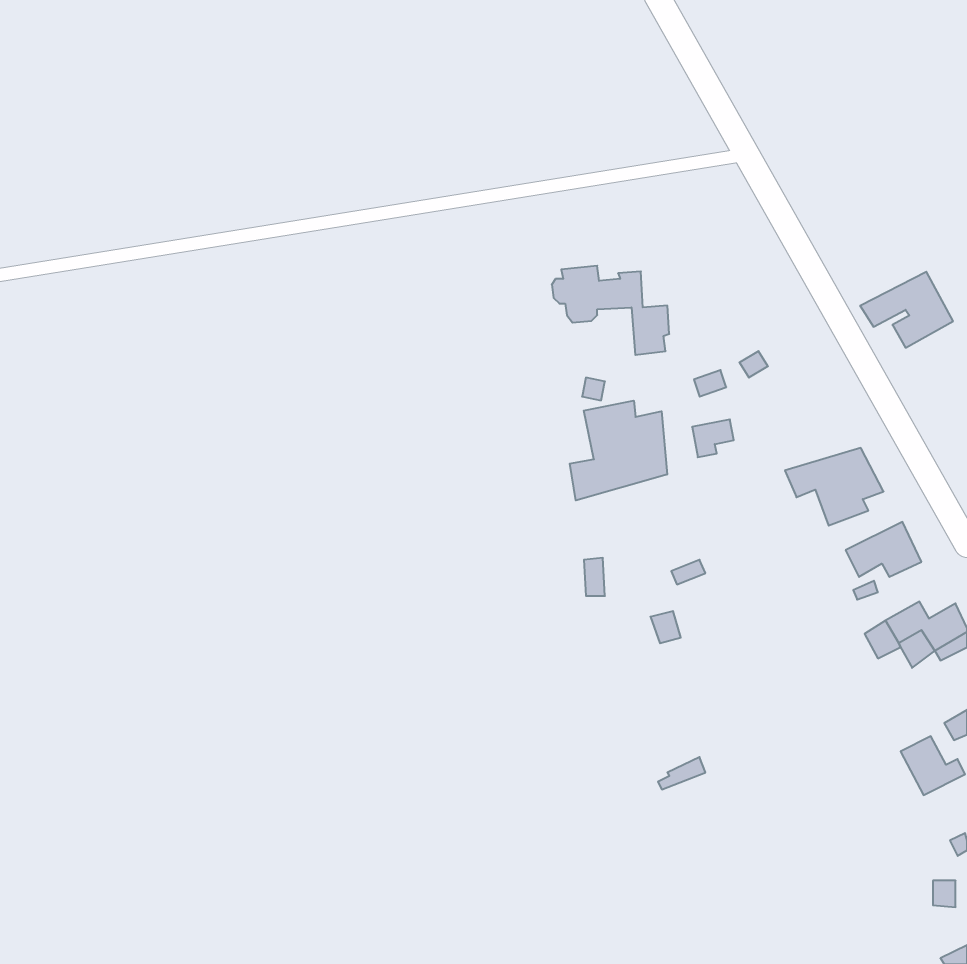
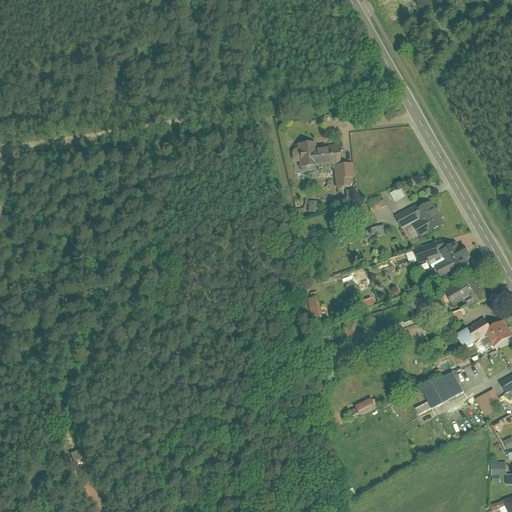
building: [860,272,953,348] -> [396,196,445,236]
building: [570,401,667,500] -> none
building: none -> [414,375,461,416]

